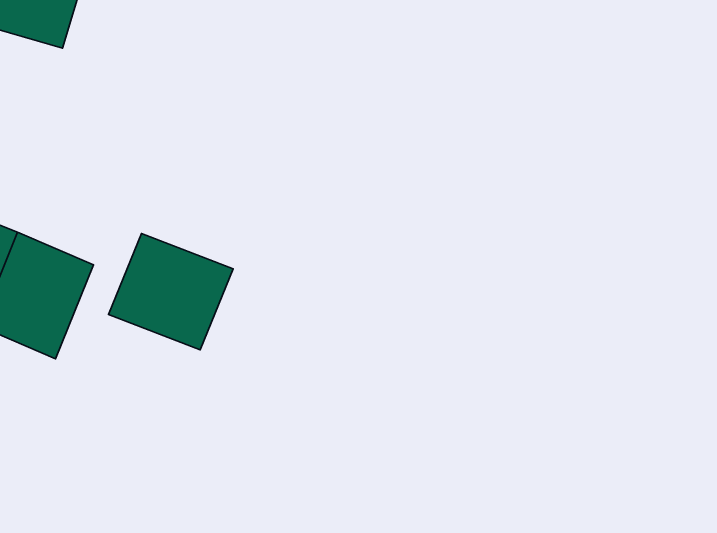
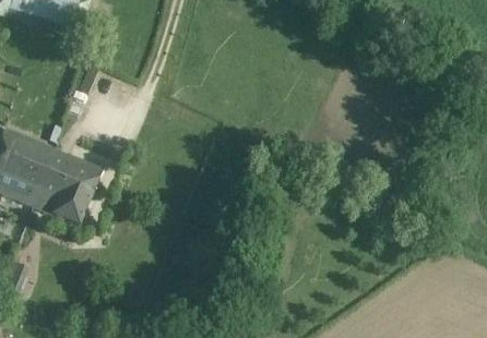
building: [109,234,233,350] -> none

